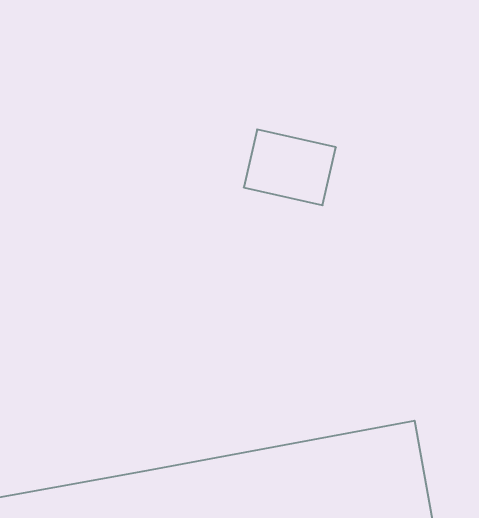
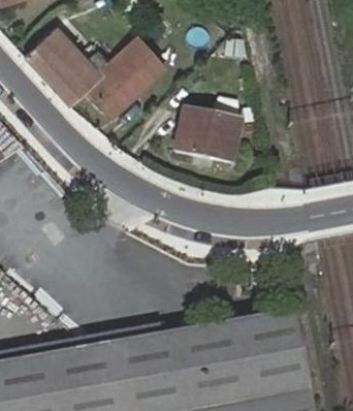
building: none -> [25,28,164,114]

